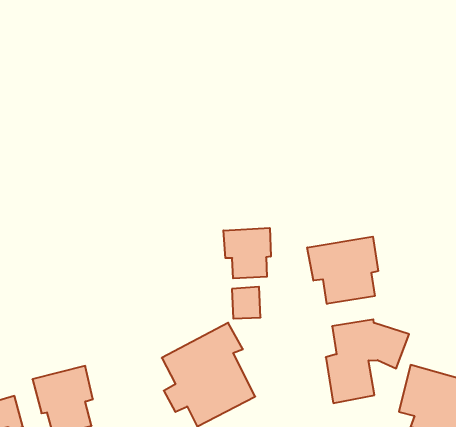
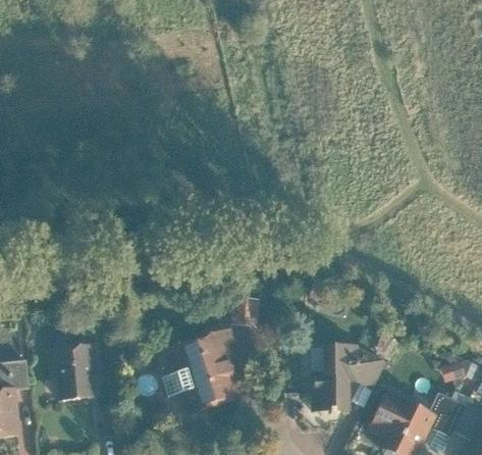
building: [223,228,271,278] -> none
building: [307,237,378,304] -> none

